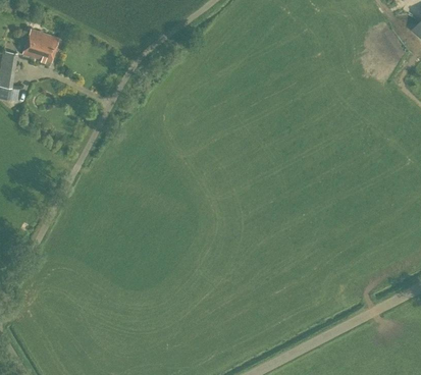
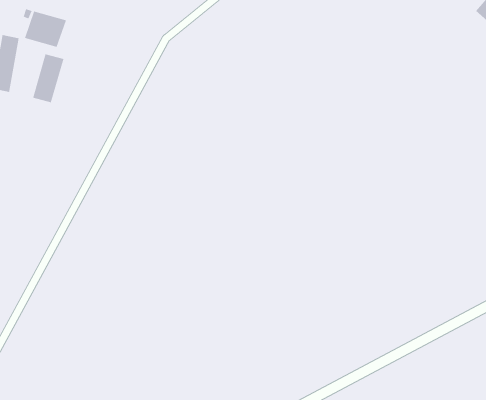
building: none -> [32,54,64,103]

